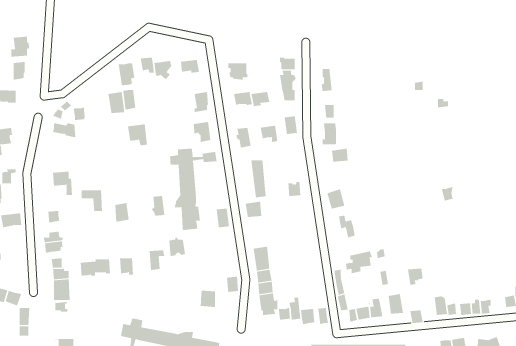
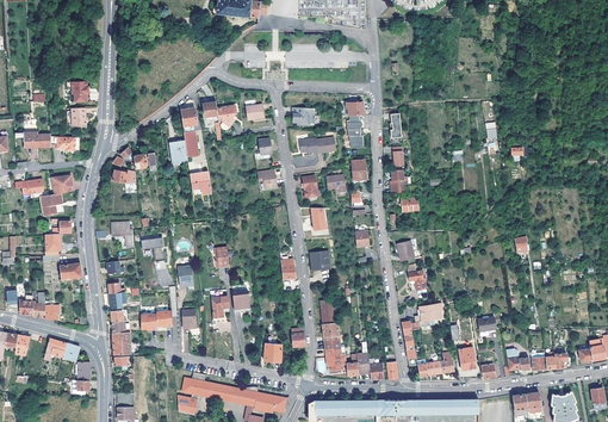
building: [169,148,217,231] -> none

